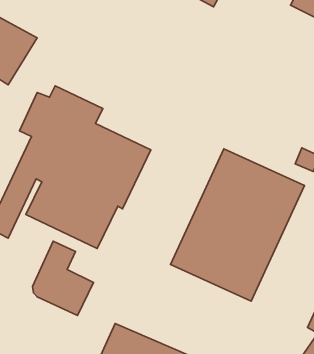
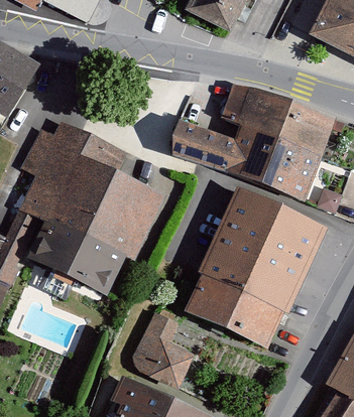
building: none -> [168,84,333,195]
building: [32,241,93,316] -> [130,309,196,389]

